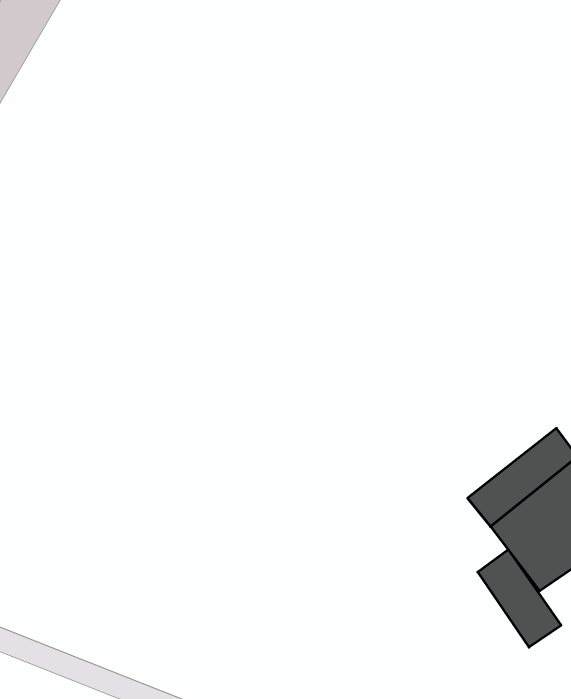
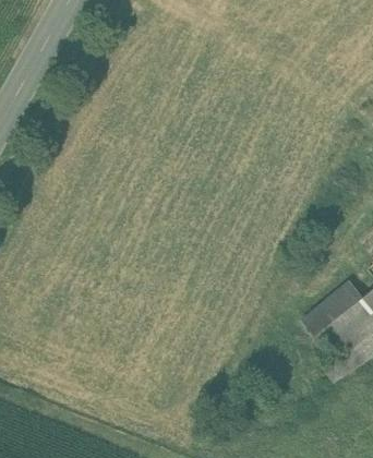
building: [478,550,561,647] -> none

